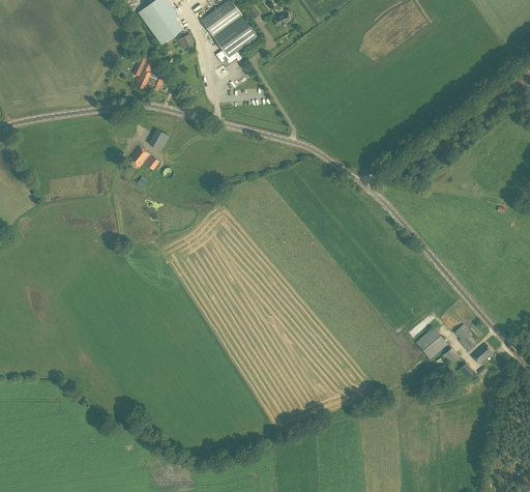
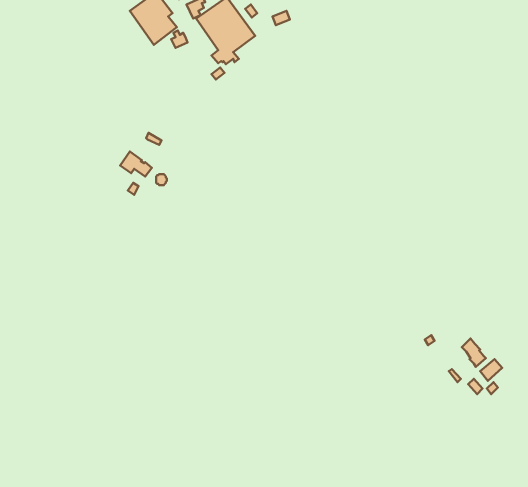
building: [134,56,161,91] -> none
building: [415,326,447,358] -> none

